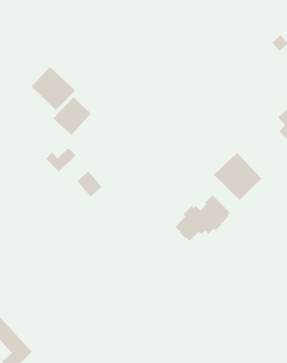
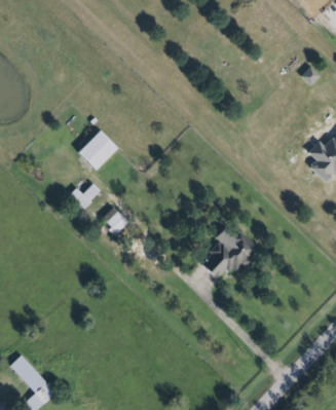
building: [31,66,76,111] -> none
building: [213,152,262,201] -> none

